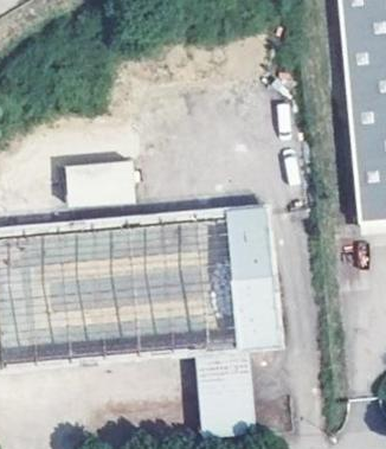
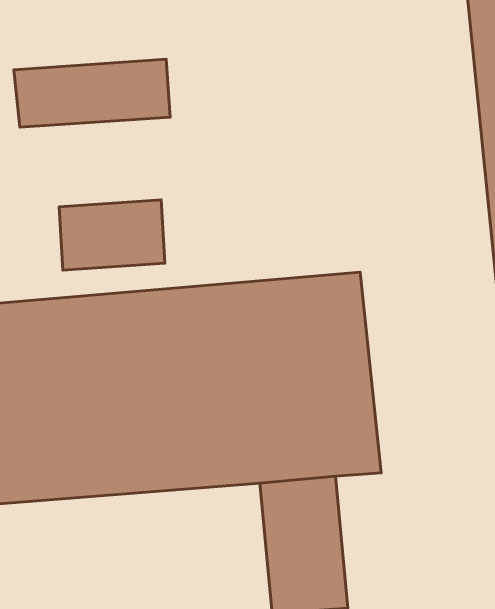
building: none -> [14,59,170,127]

